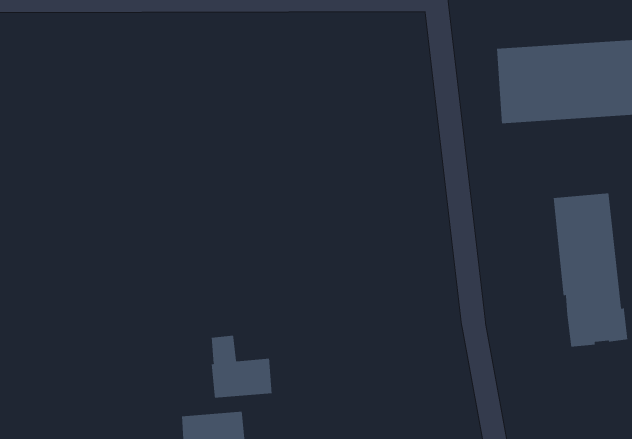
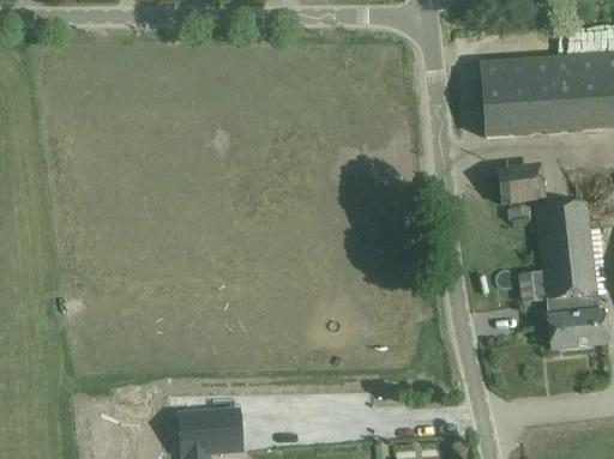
building: none -> [496,164,544,204]
building: [211,335,272,399] -> none

